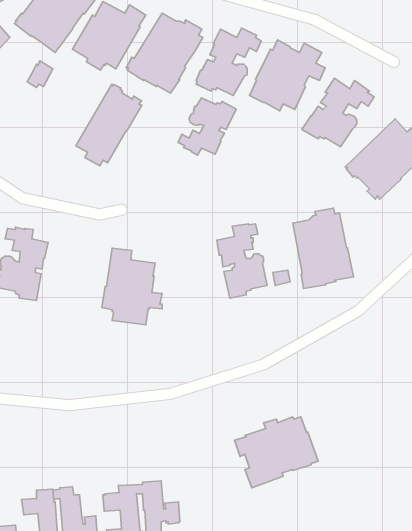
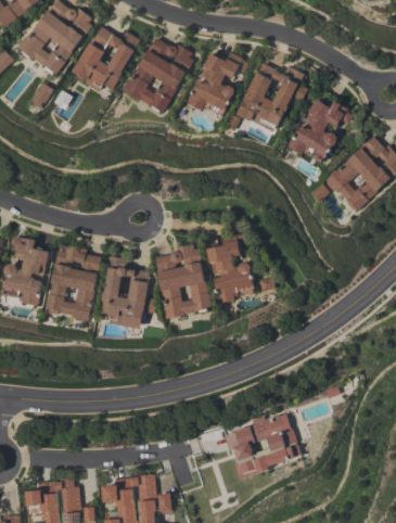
building: [76,84,142,166] -> none
building: [178,98,236,155] -> none
building: [293,208,353,288] -> [154,243,210,318]
building: none -> [46,245,101,321]

